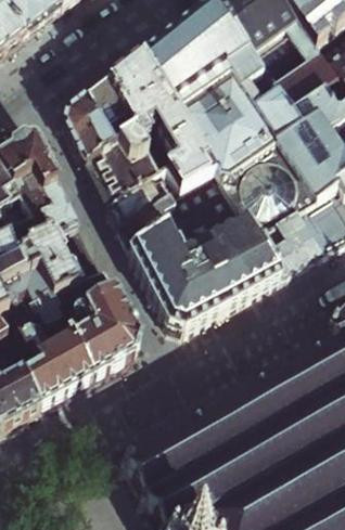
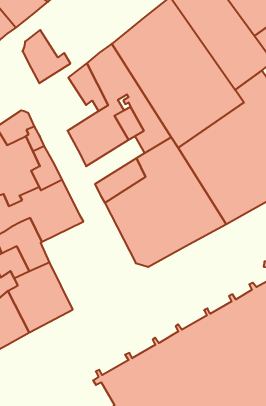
building: [66,96,125,161] -> [22,30,70,83]
building: [110,168,181,227] -> none
building: [54,272,141,379] -> none

